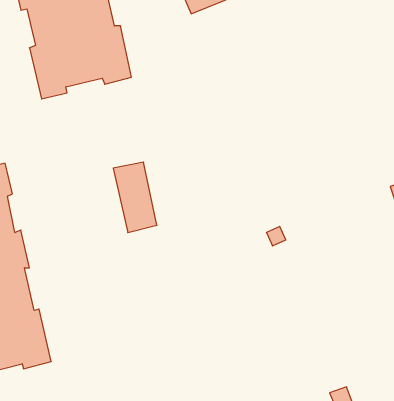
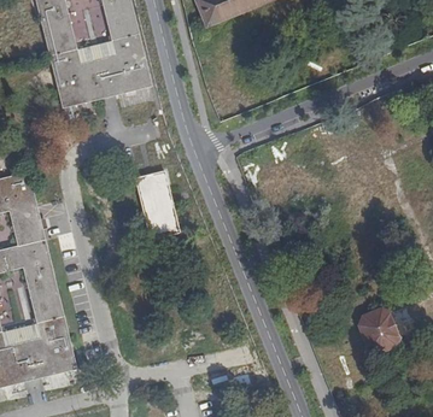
building: none -> [361,309,400,351]

